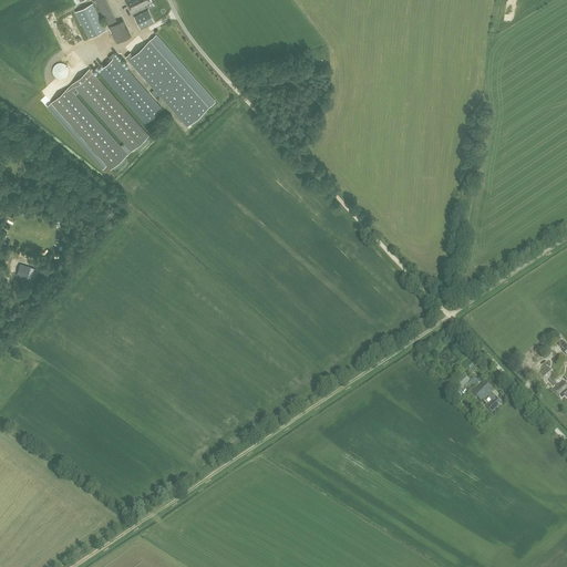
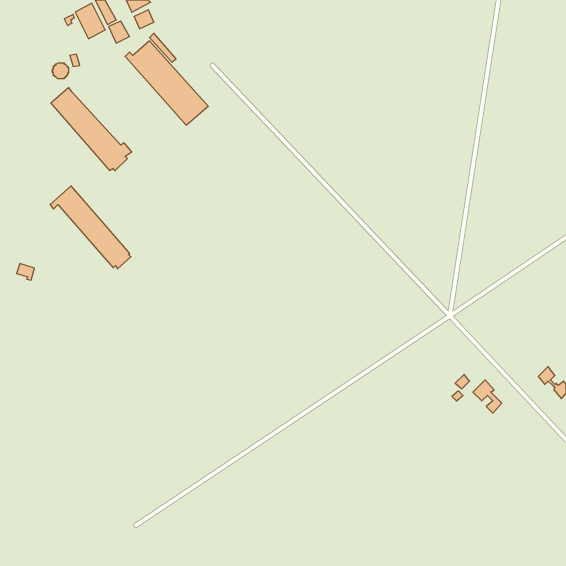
building: [99,53,162,124] -> none
building: [69,69,150,152] -> [50,186,131,269]

